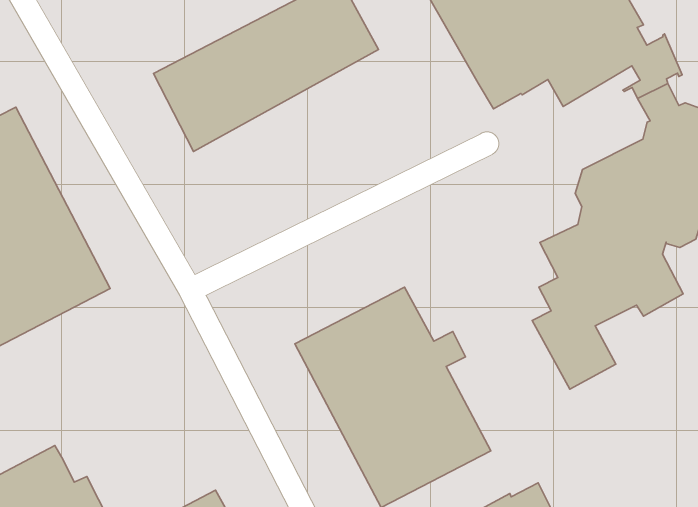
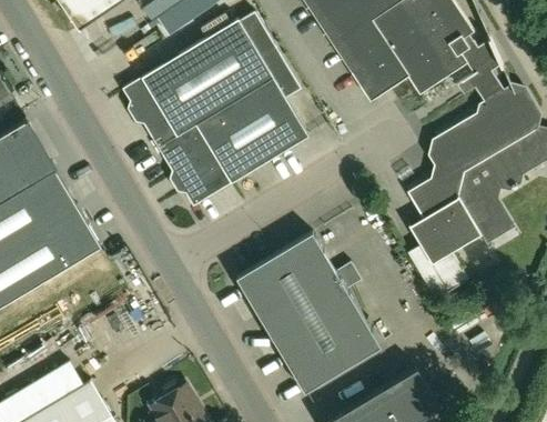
building: none -> [154,62,307,207]

